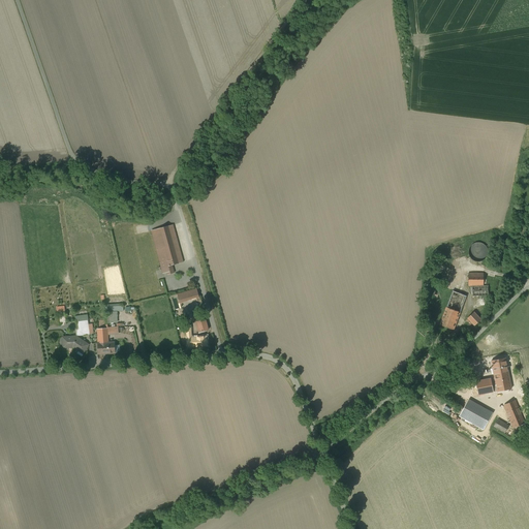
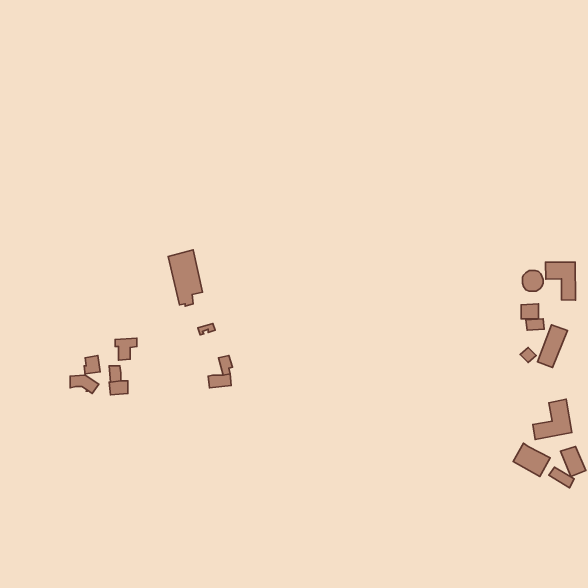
building: none -> [545,262,576,300]
building: [440,291,467,330] -> [538,325,567,367]

